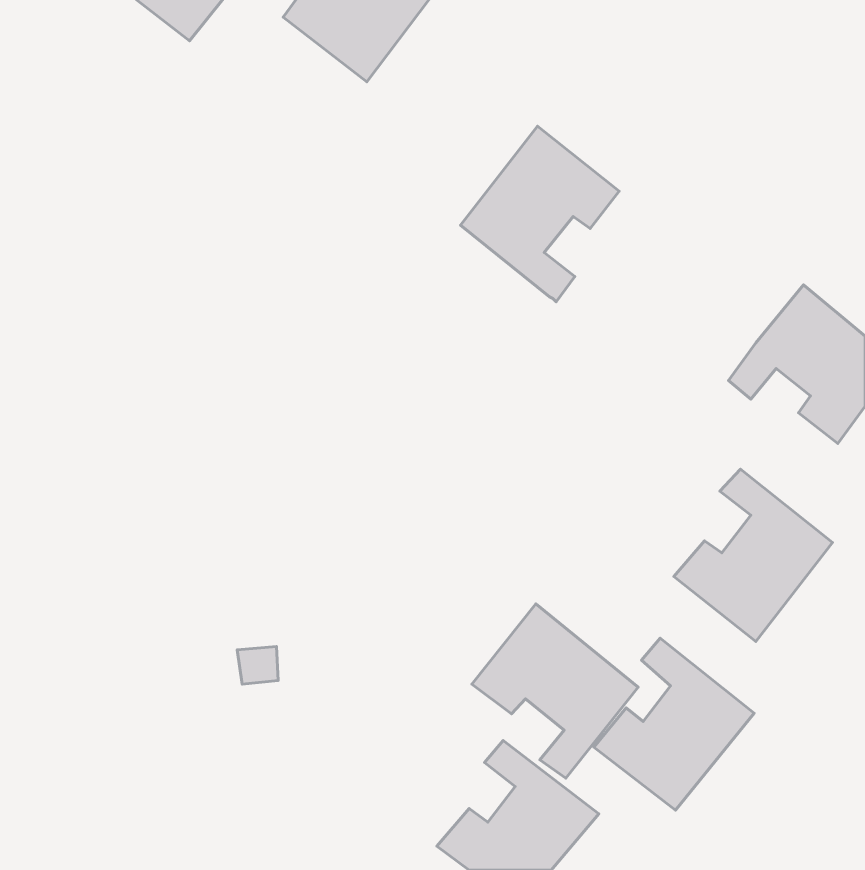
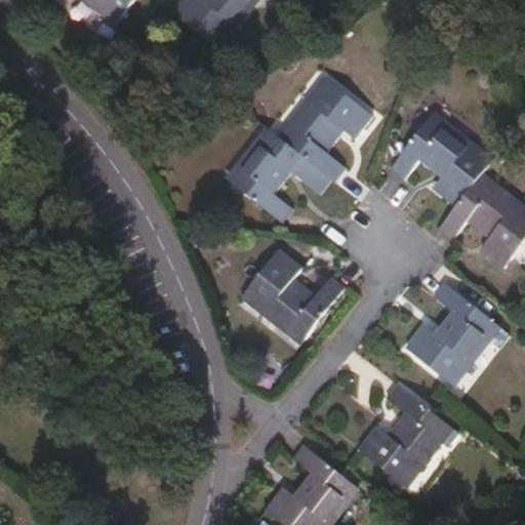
building: none -> [389,112,492,206]
building: none -> [225,127,332,223]
building: none -> [241,249,344,344]
building: [472,604,638,778] -> none

